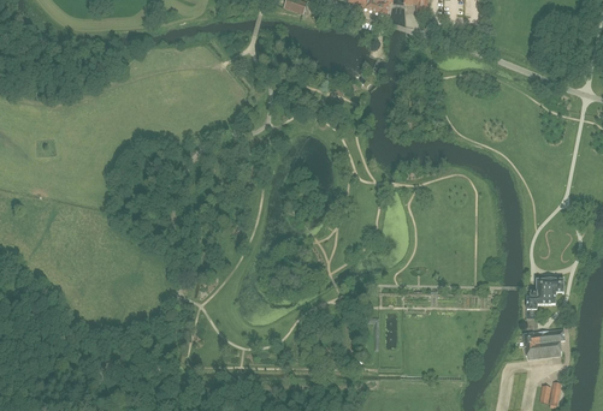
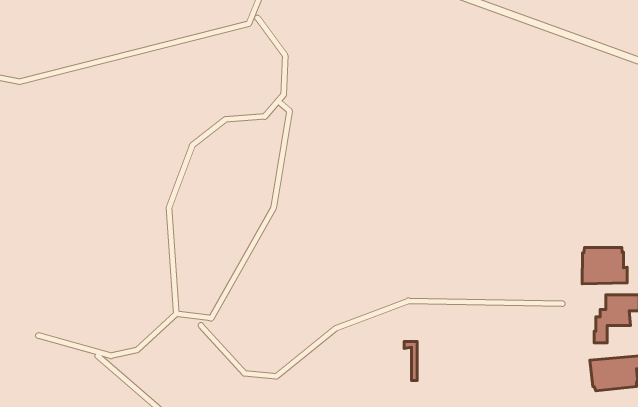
building: none -> [582,247,627,284]

